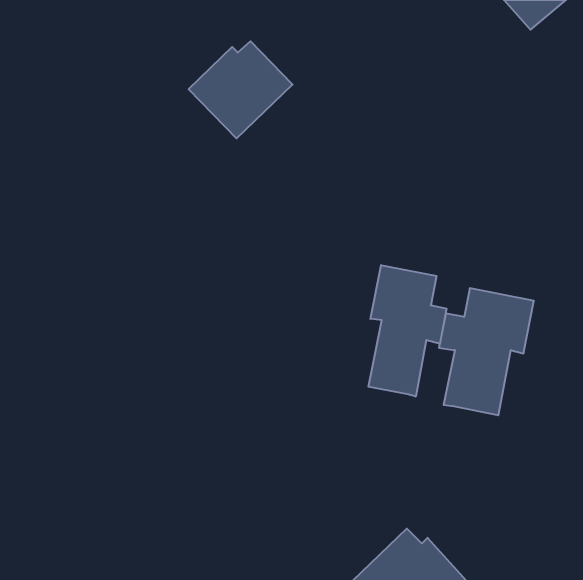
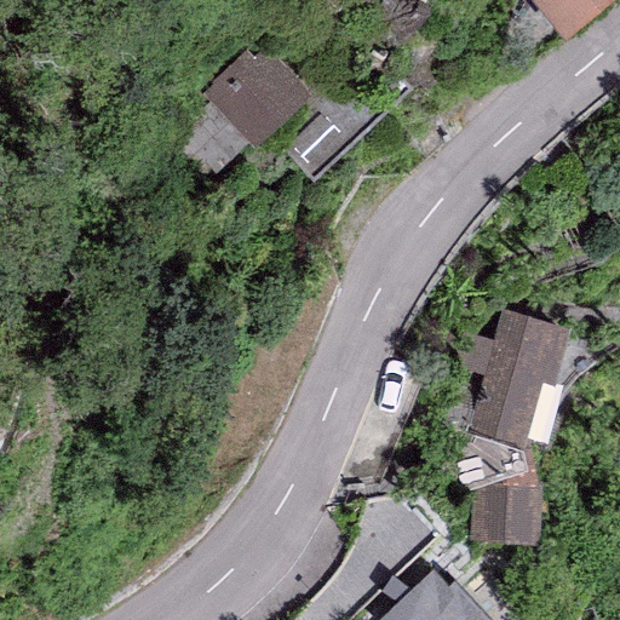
building: [368,265,447,397] -> none
building: none -> [469,435,541,542]

